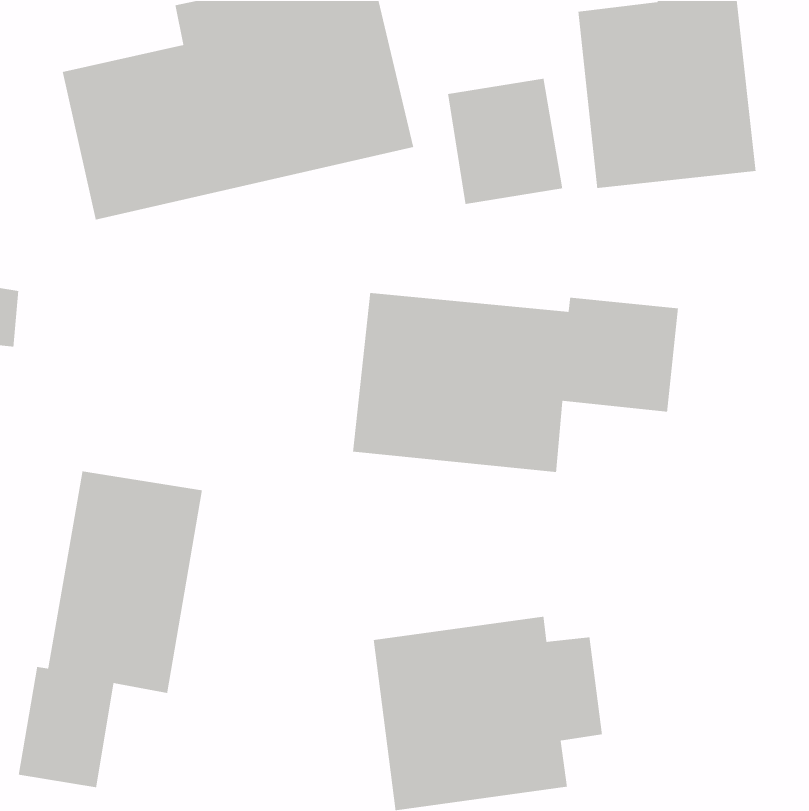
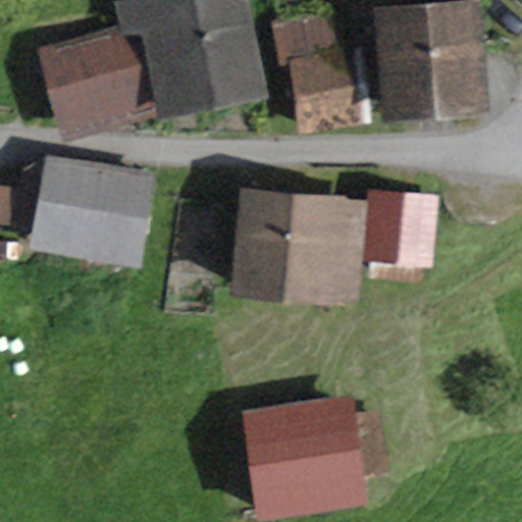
building: none -> [30,154,153,265]
building: [18,470,203,788] -> none

